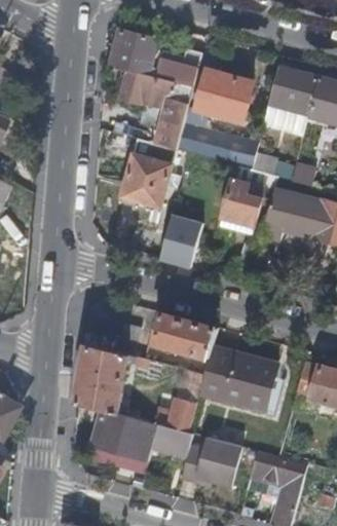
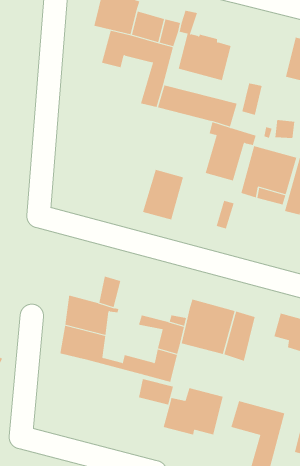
building: [266,66,316,117] -> none
building: [117,138,174,209] -> none
building: [153,313,215,356] -> none
building: [91,409,157,457] -> none

